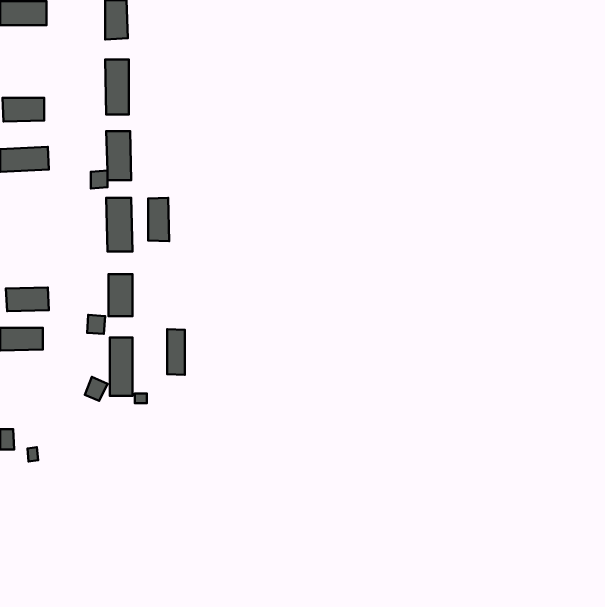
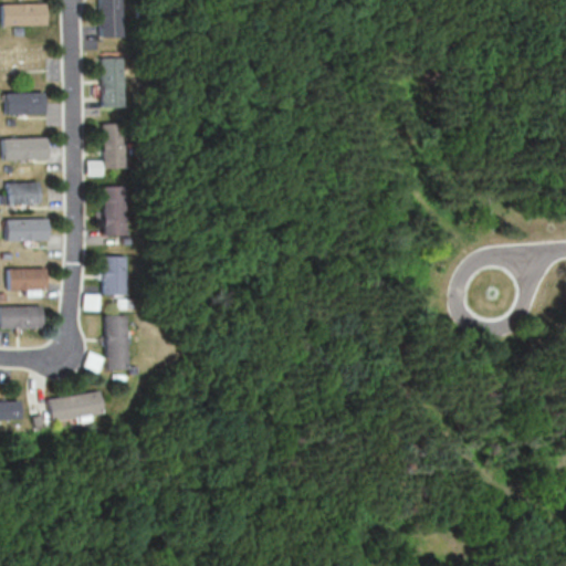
building: none -> [9,181,42,205]
building: [148,198,169,241] -> none
building: none -> [9,219,50,242]
building: [167,329,185,375] -> none
building: none -> [45,391,102,422]

